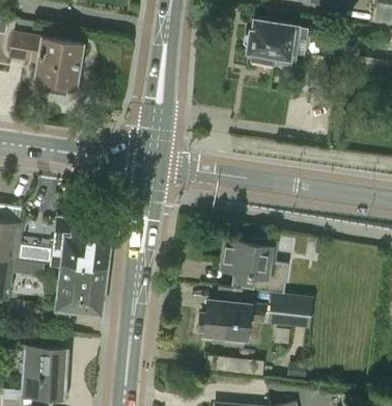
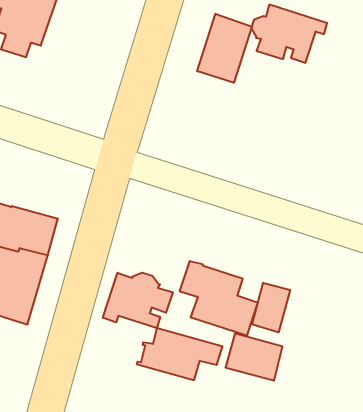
building: none -> [197,14,252,83]
building: none -> [252,283,290,332]
building: none -> [103,273,173,328]

